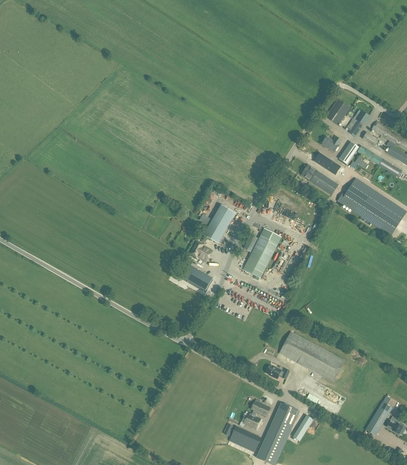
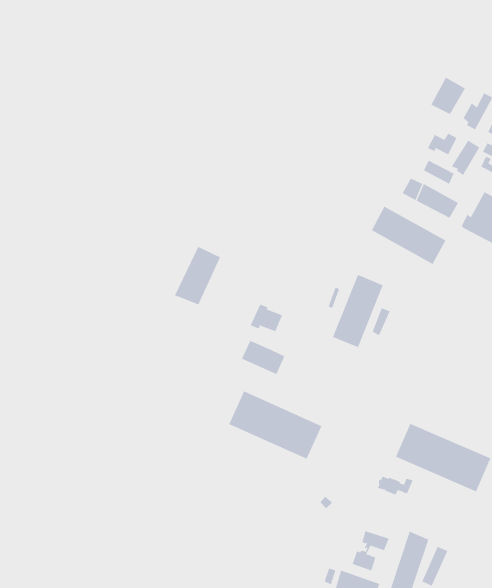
building: none -> [371,206,446,265]
building: [202,202,236,242] -> [174,246,221,305]
building: none -> [229,390,322,460]

